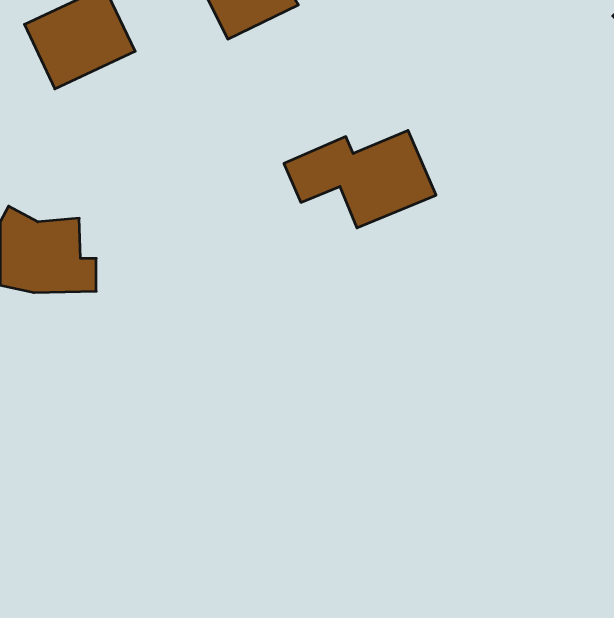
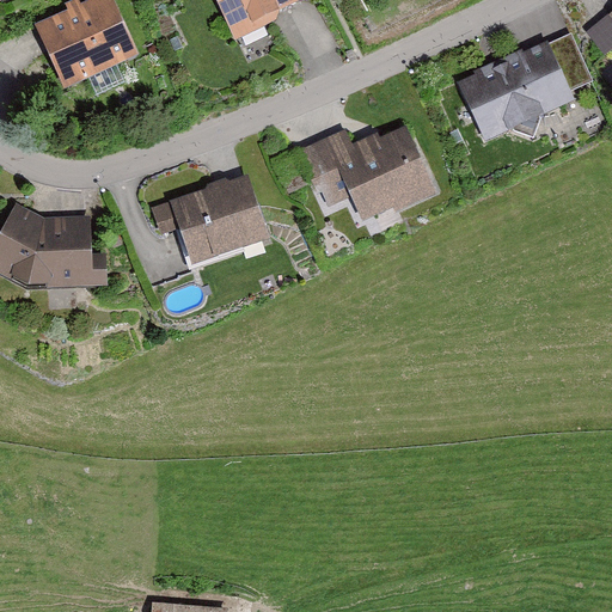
building: none -> [457,41,574,143]
building: none -> [159,167,271,257]

